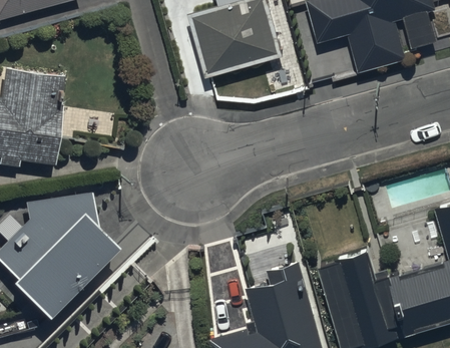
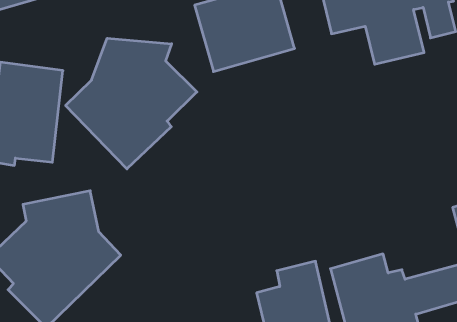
building: none -> [66,38,197,169]

